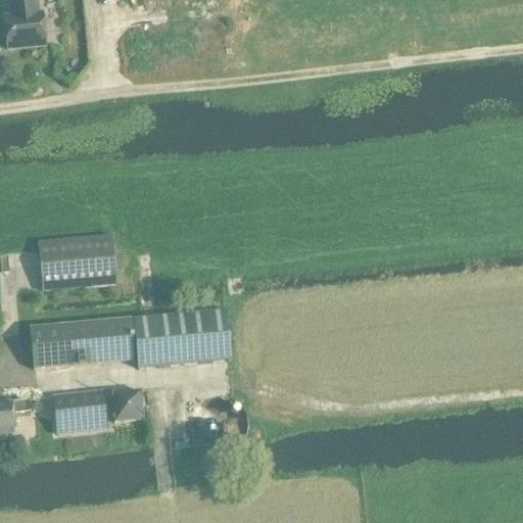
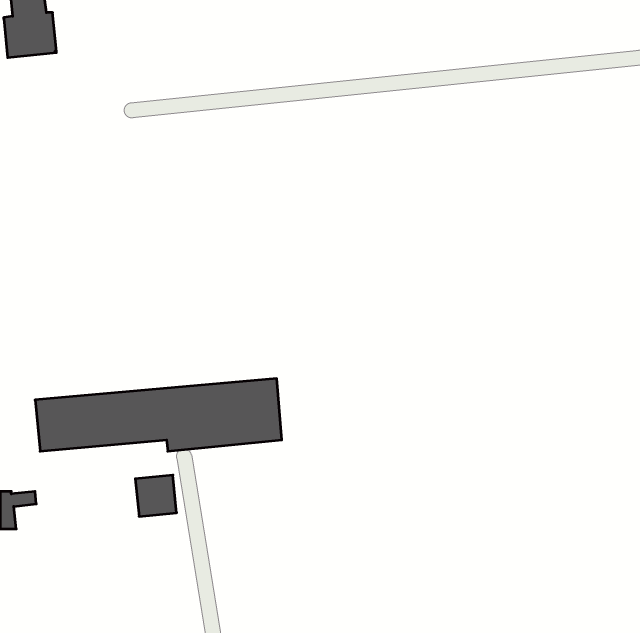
building: [37,234,115,290] -> none
building: [53,389,106,433] -> none

